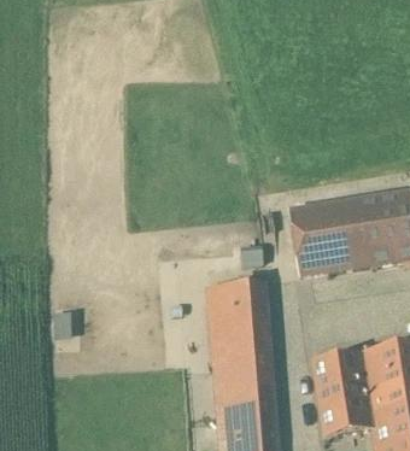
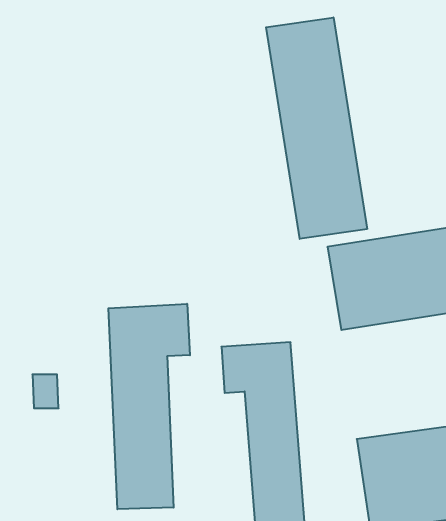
building: none -> [266,17,367,239]
building: none -> [108,304,190,509]

